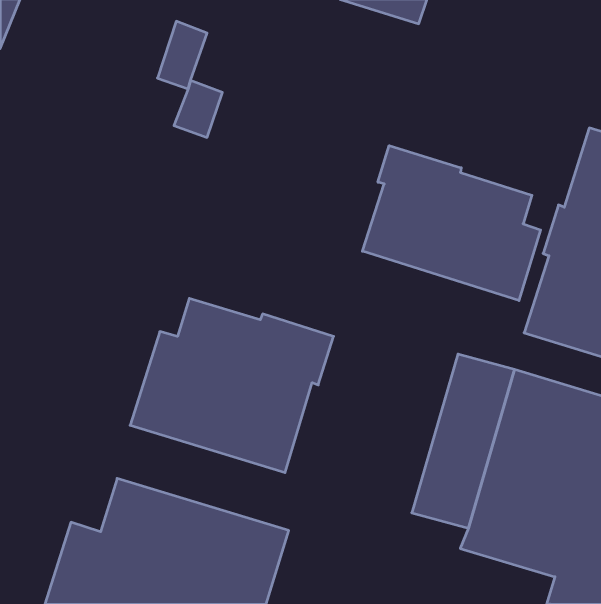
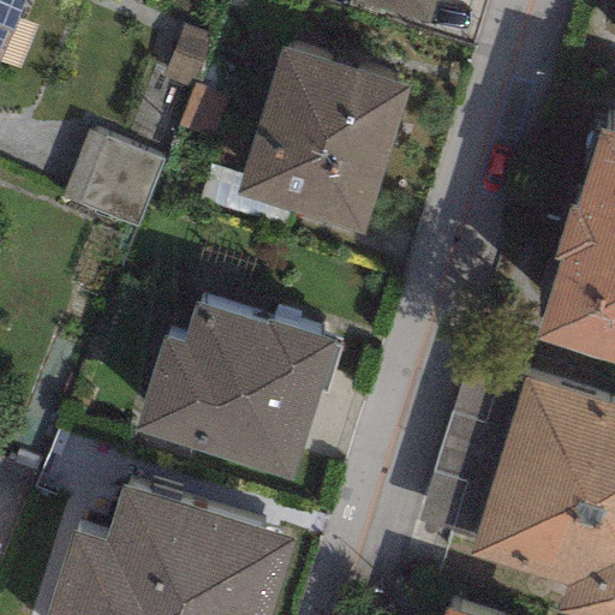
building: none -> [238,46,410,233]
building: none -> [62,130,165,227]
building: [362,146,541,301] -> none

